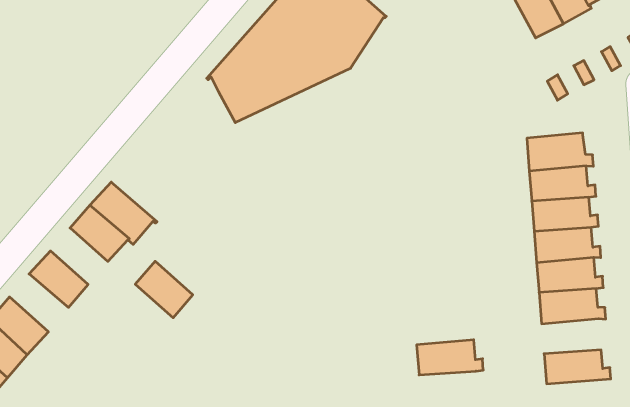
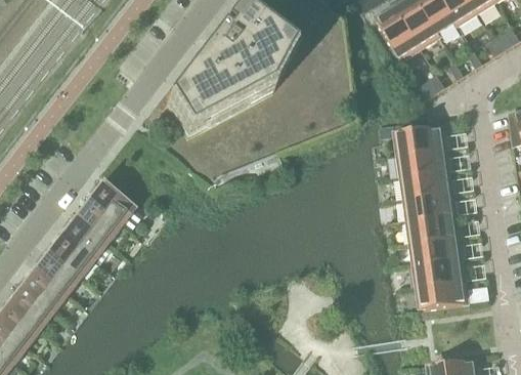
building: [135,261,193,318] -> [60,216,102,256]
building: none -> [33,251,76,292]
building: [417,340,483,375] -> [418,259,467,287]

